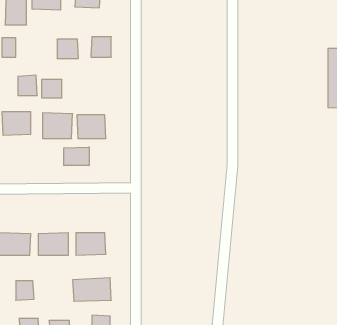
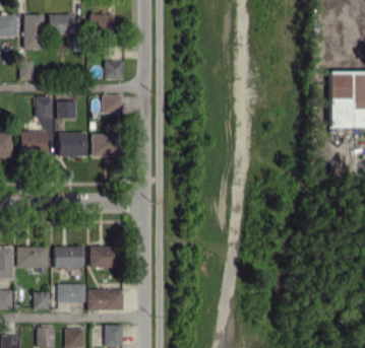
building: [57,39,78,58] -> [103,94,123,113]
building: [64,147,89,166] -> none
building: none -> [58,283,86,302]

